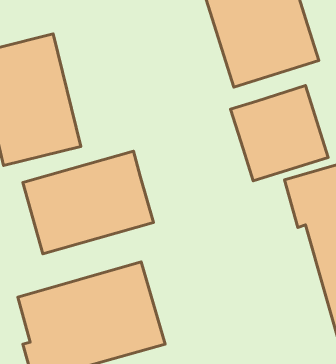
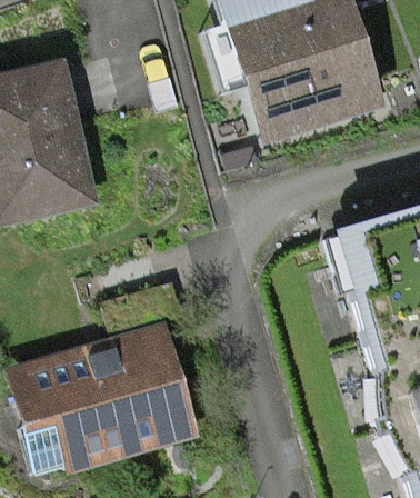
building: [231,86,328,181] -> none
building: [23,151,153,254] -> none

